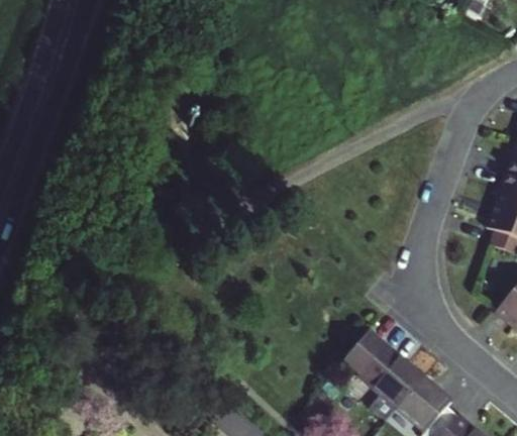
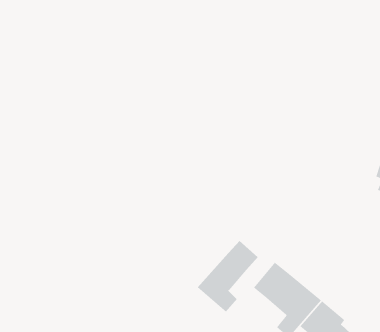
building: none -> [197,240,259,313]

